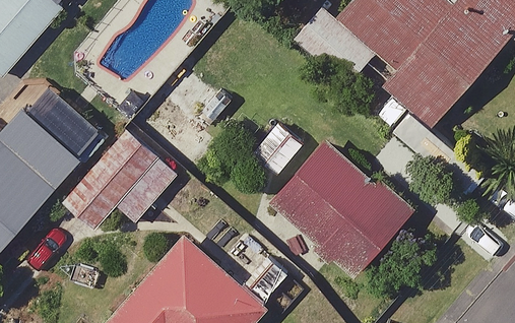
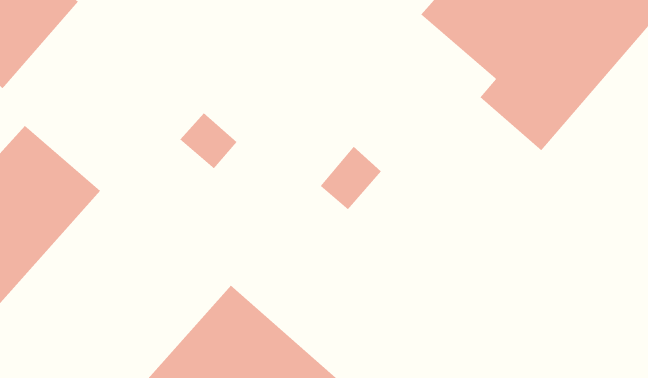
building: [64,131,178,232] -> none
building: [271,139,419,279] -> none

